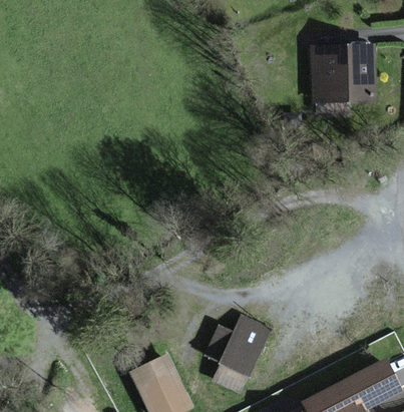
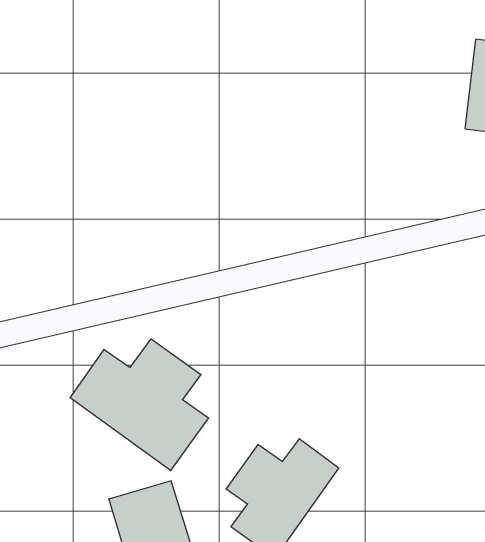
building: none -> [70,339,208,471]

